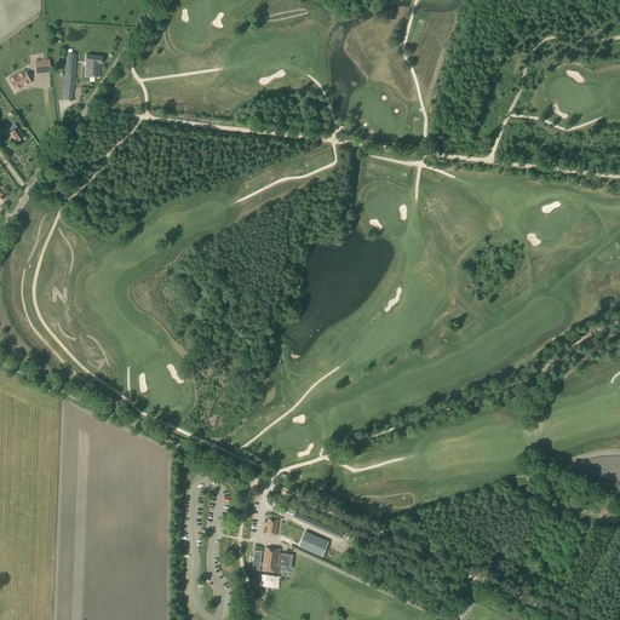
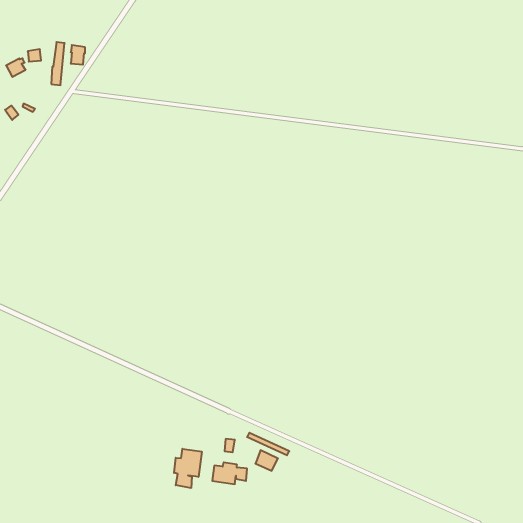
building: none -> [174,449,202,488]

